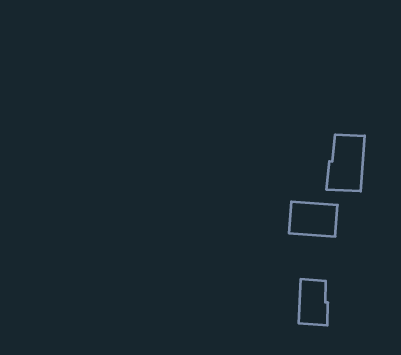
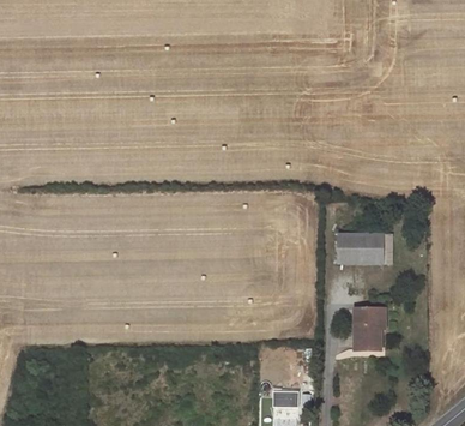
building: [327,135,365,191] -> none

